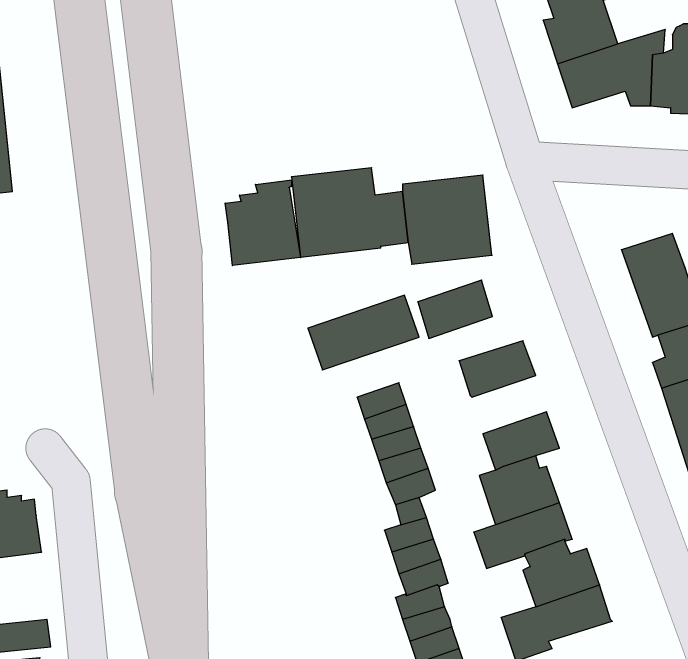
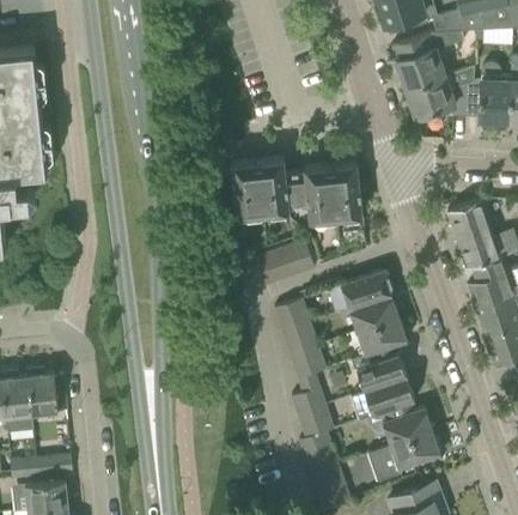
building: [225,180,301,266] -> none
building: [418,280,492,338] -> [348,295,397,333]

